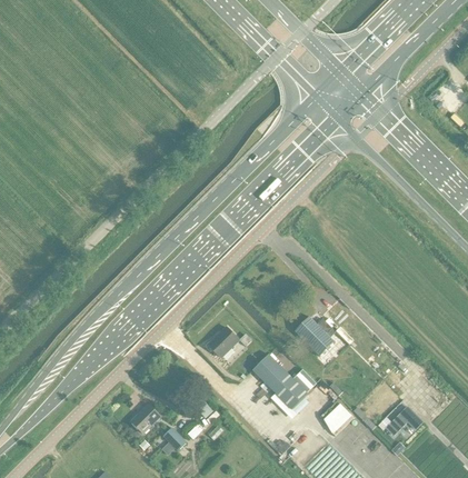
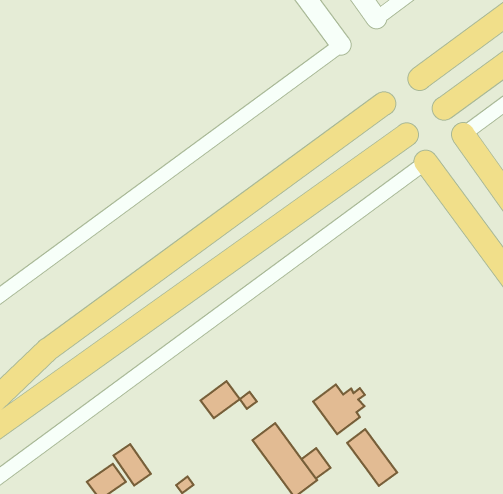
building: none -> [347,429,397,486]
building: none -> [114,444,151,485]

